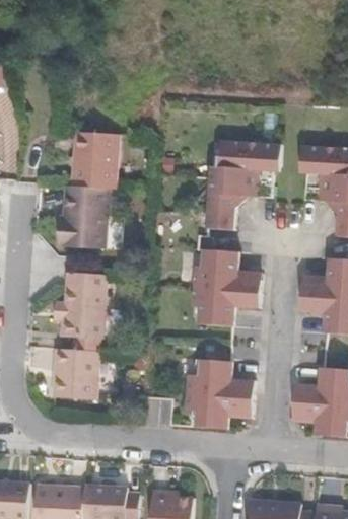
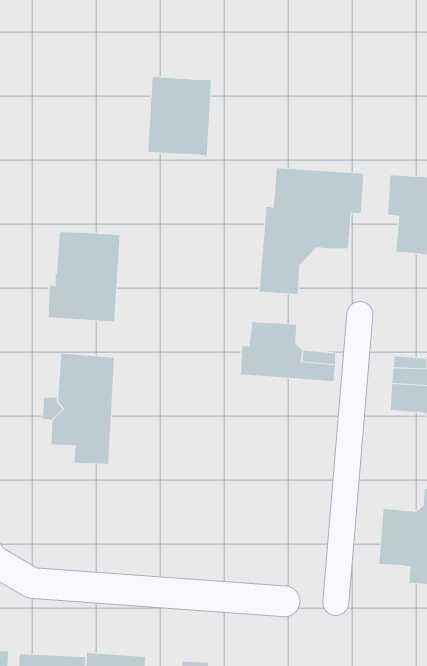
building: [72,132,118,189] -> [148,77,212,156]
building: [192,287,261,326] -> none
building: [53,349,98,400] -> none
building: [186,359,255,429] -> none

